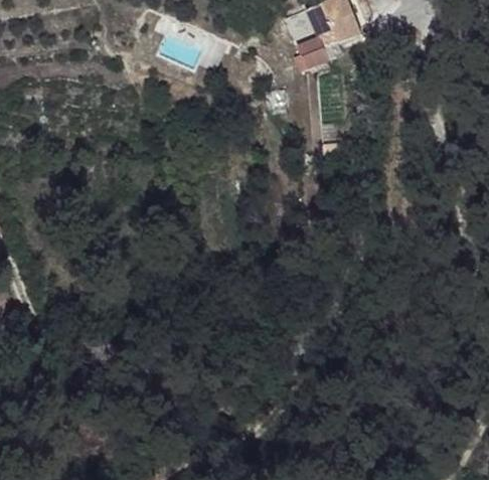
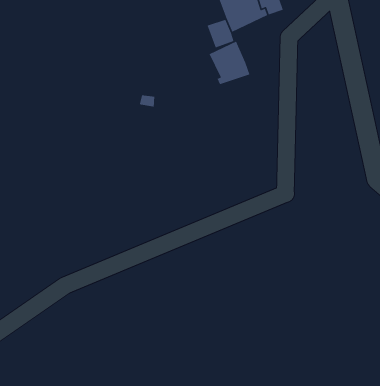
building: none -> [208,41,251,85]

